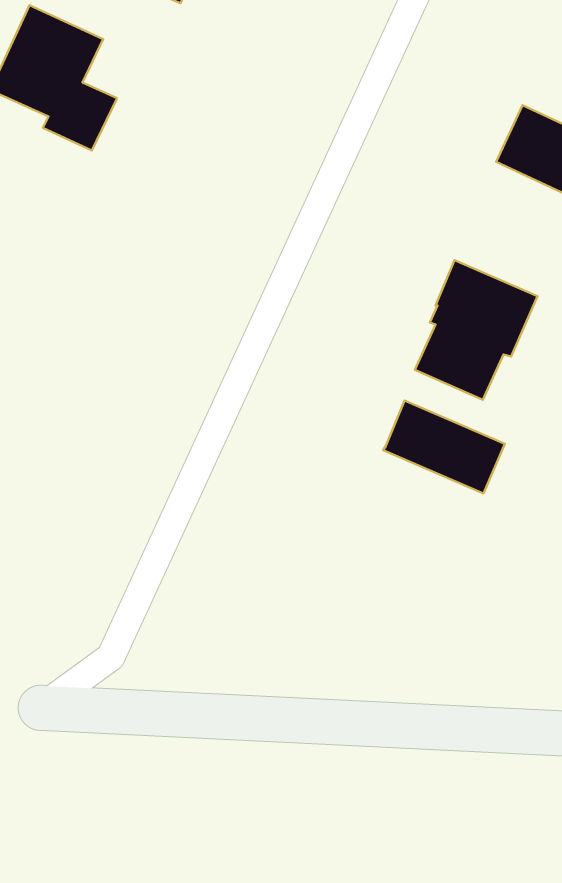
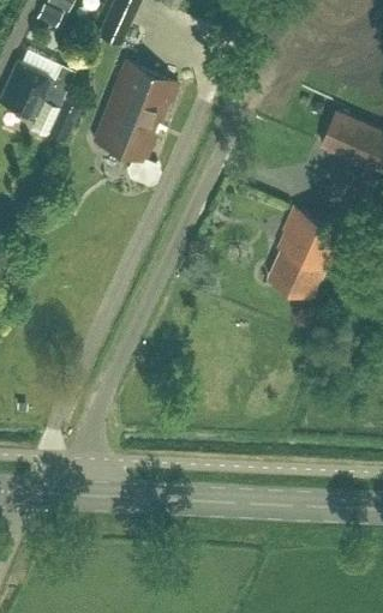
building: none -> [94,61,178,182]
building: [383,401,505,494] -> none

